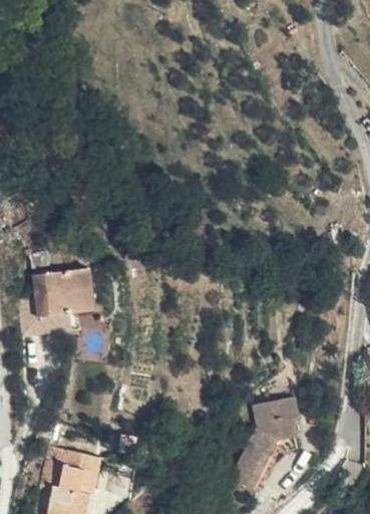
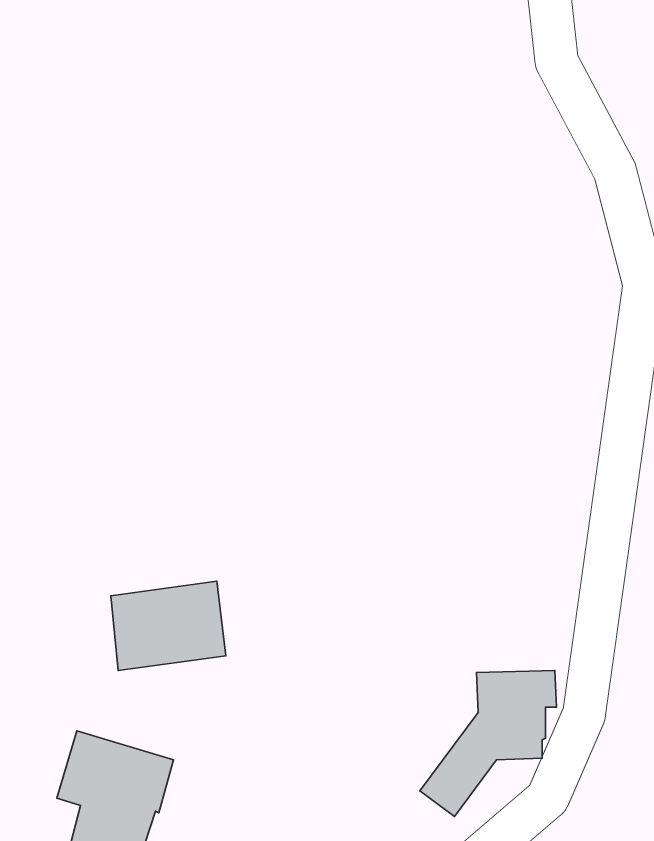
building: [38,265,101,314] -> [111,581,226,671]

